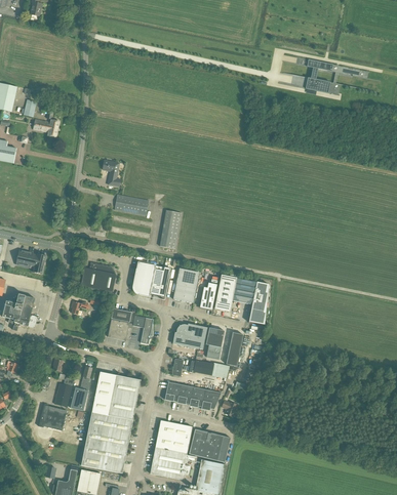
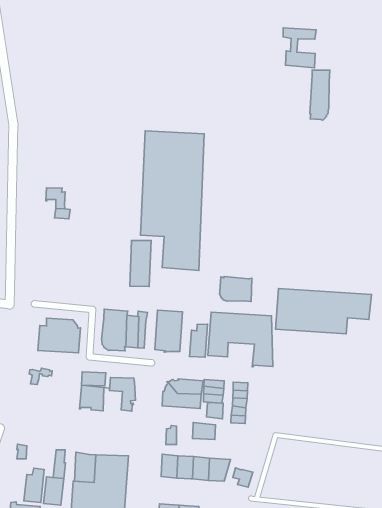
building: none -> [310,70,330,120]
building: none -> [140,131,204,271]
building: [114,194,148,215] -> none
building: none -> [219,277,252,302]
building: none -> [276,289,372,334]

